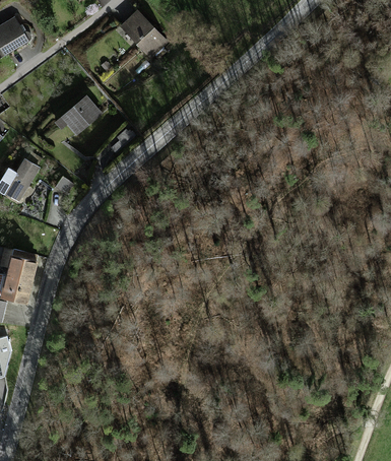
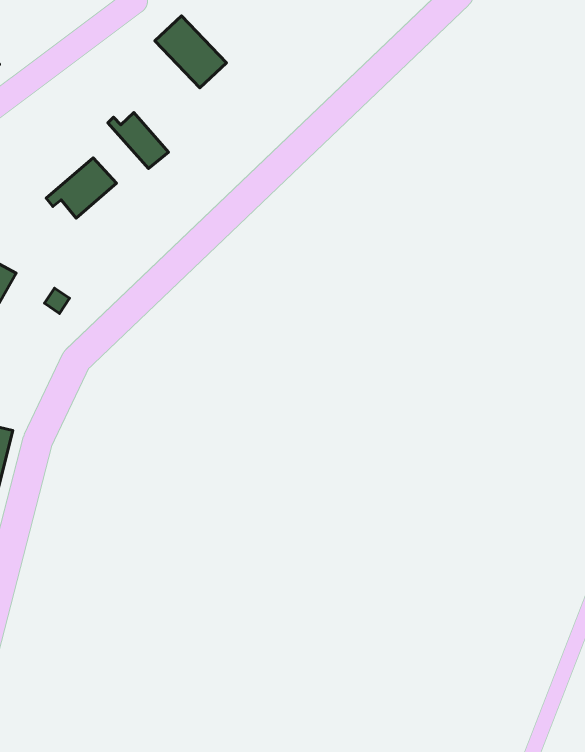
building: none -> [108,112,169,169]

